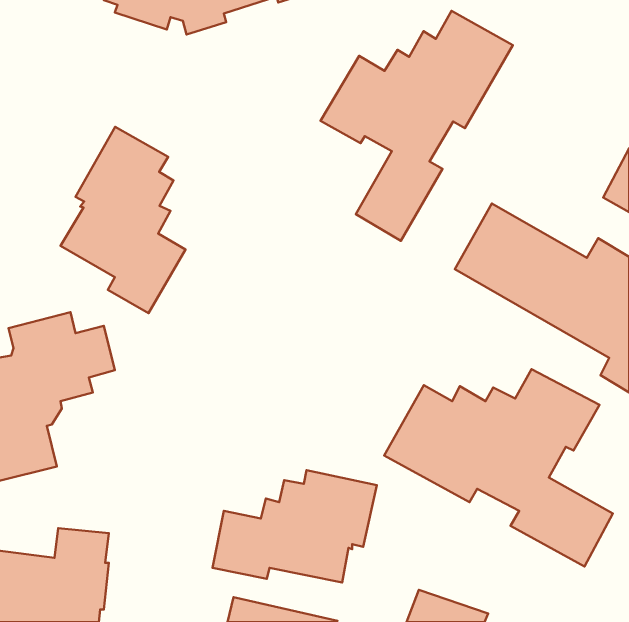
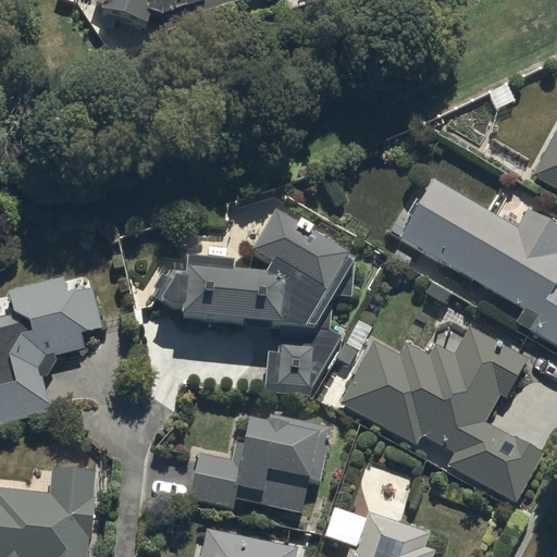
building: [321,11,513,241] -> none
building: [61,127,186,313] -> none
building: none -> [152,216,355,394]

